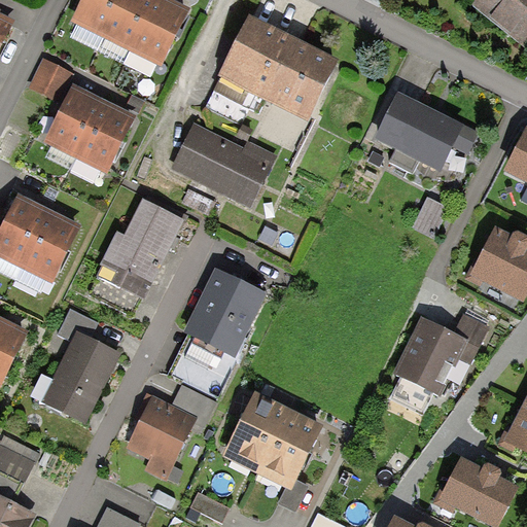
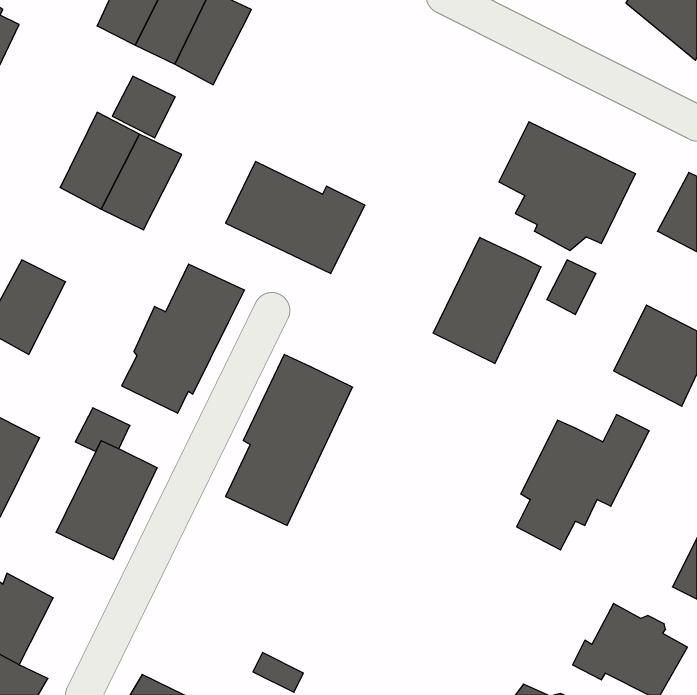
building: [212,15,338,121] -> none
building: [28,57,75,103] -> [112,76,175,138]
building: none -> [433,237,541,364]
building: [22,212,82,283] -> none
building: [125,383,218,483] -> none
building: [223,391,322,508] -> none

